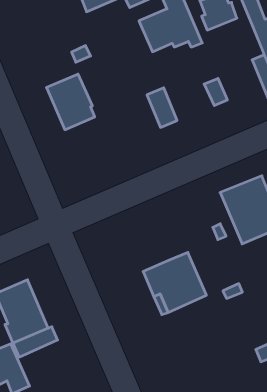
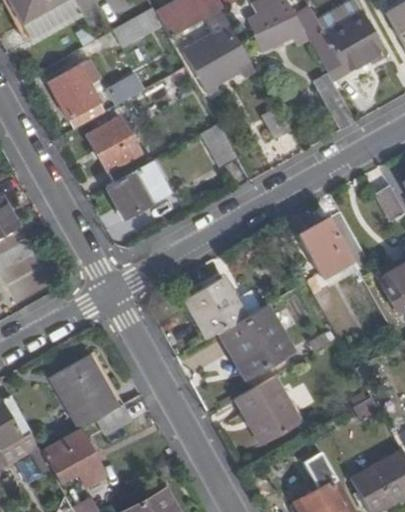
building: none -> [48,62,99,129]
building: none -> [105,161,169,220]
building: none -> [185,278,246,339]
building: none -> [234,374,300,439]

